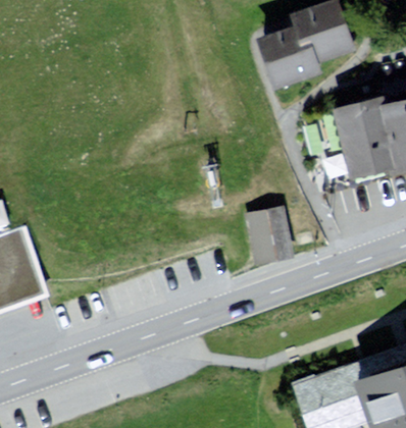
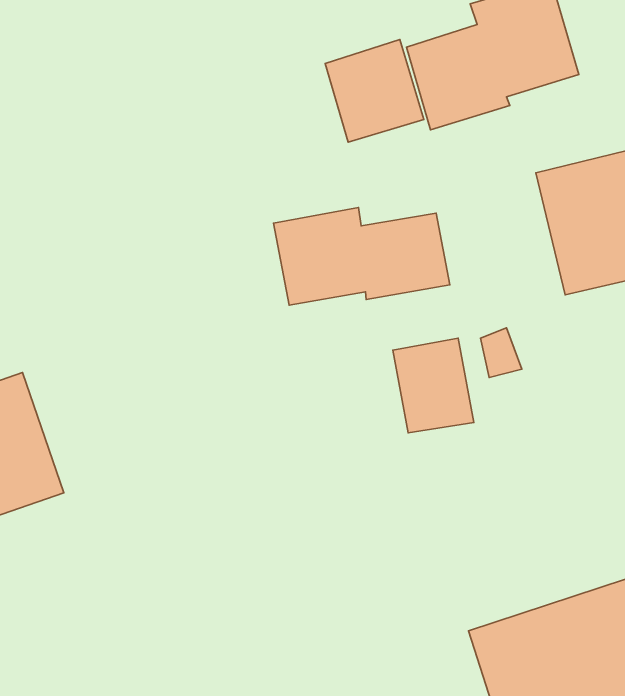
building: none -> [325,40,424,142]
building: none -> [273,208,450,305]

